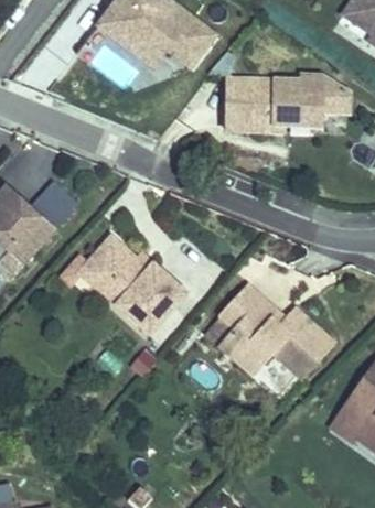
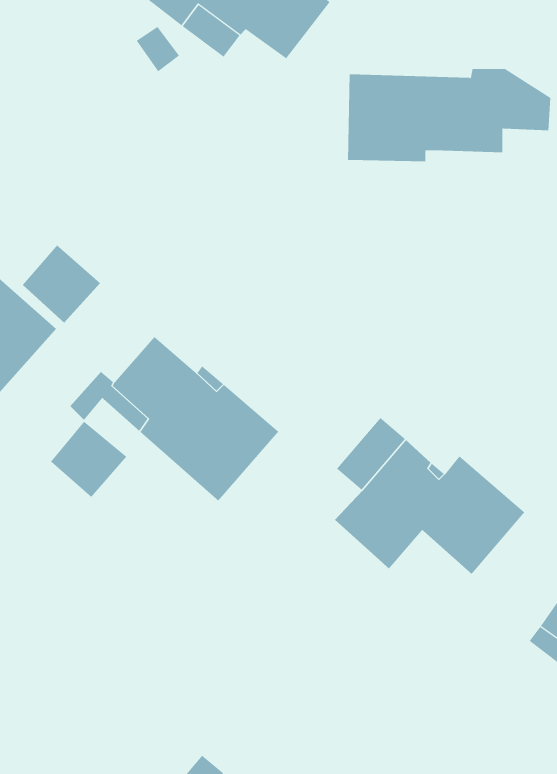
building: none -> [50,421,127,498]

